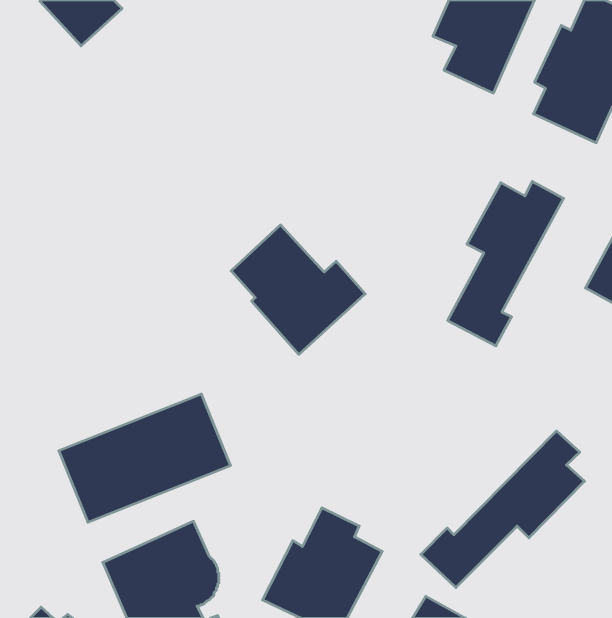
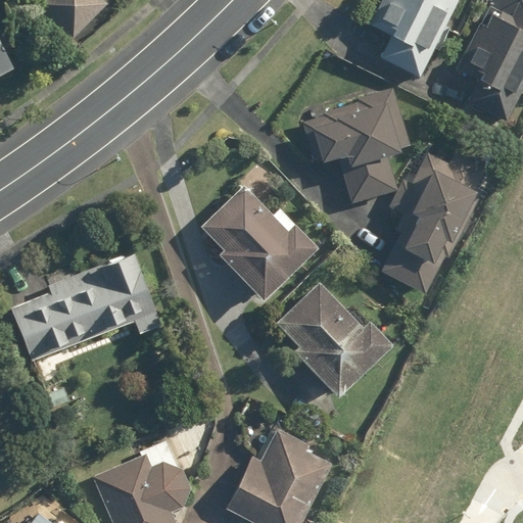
building: none -> [306,90,410,204]
building: none -> [277,283,392,398]
building: [59,394,231,522] -> [15,249,160,358]
building: [421,431,585,588] -> none

